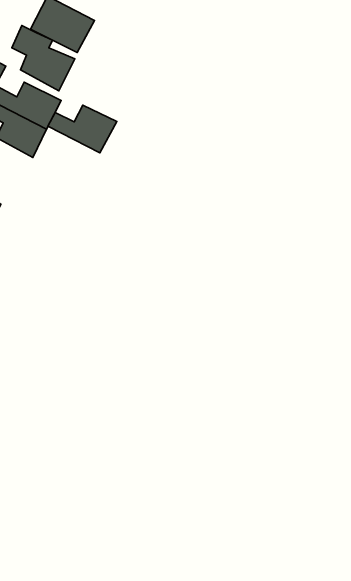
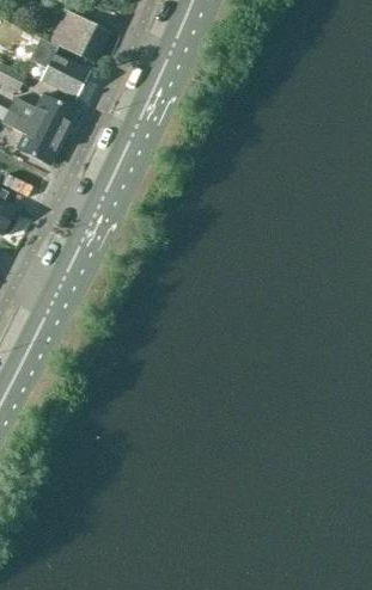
building: [48,105,117,153] -> none

